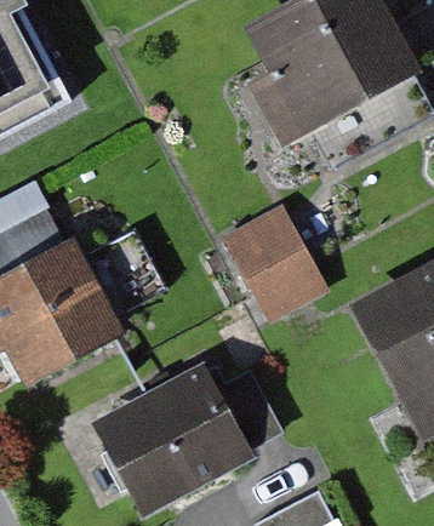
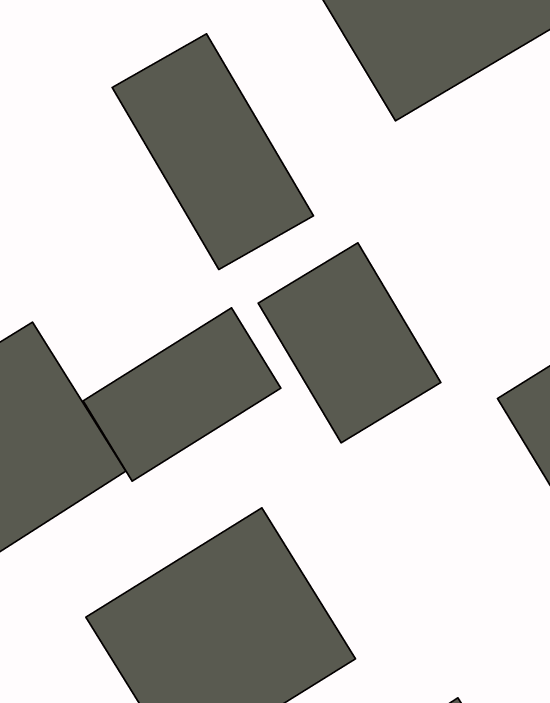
building: none -> [112,34,313,269]
building: none -> [83,308,281,481]

